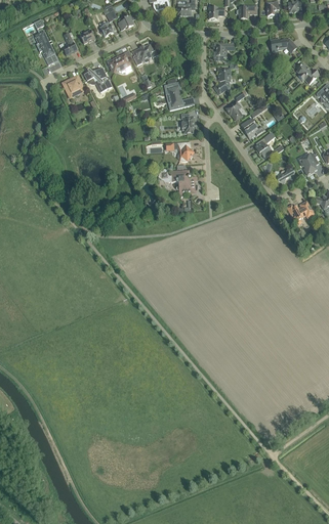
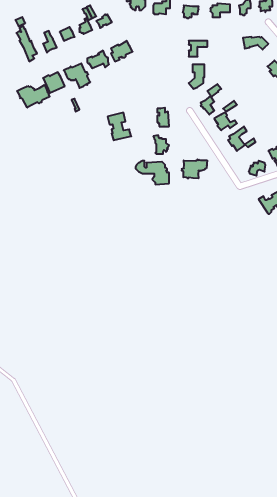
building: [163,81,188,110] -> [108,113,131,140]
building: none -> [17,85,50,108]
building: none -> [182,159,207,179]

